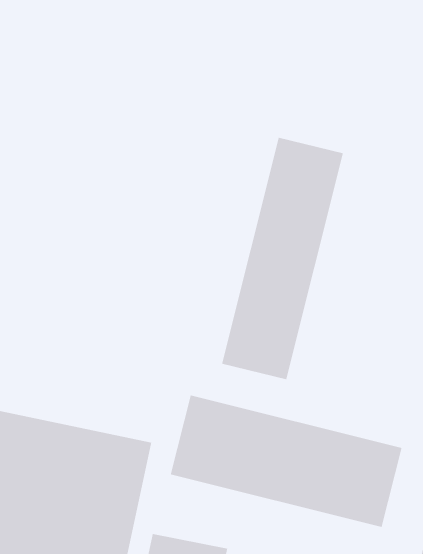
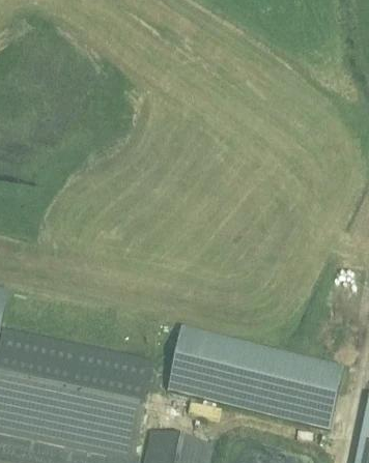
building: [221,137,344,380] -> none

